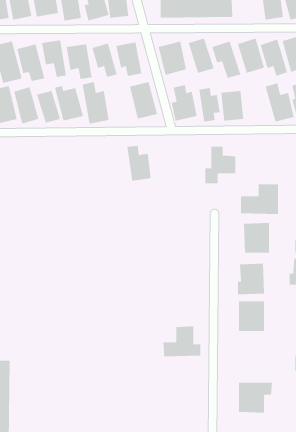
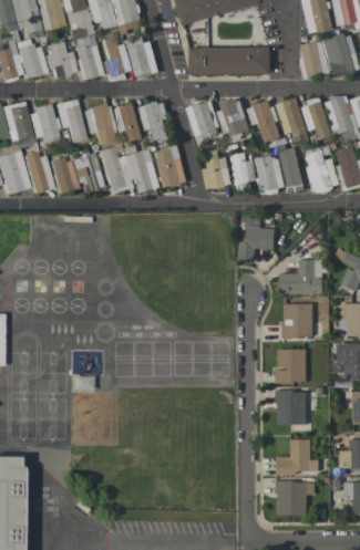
building: none -> [282,148,302,193]
building: [127,146,151,181] -> [131,153,158,193]
building: [163,326,201,357] -> [276,439,319,474]

